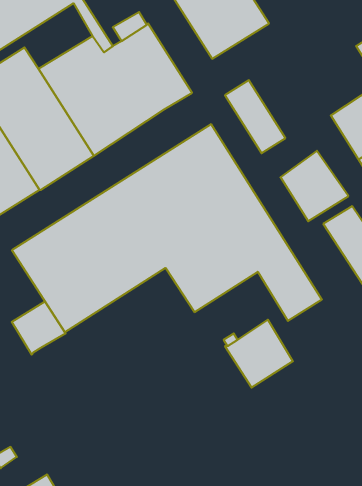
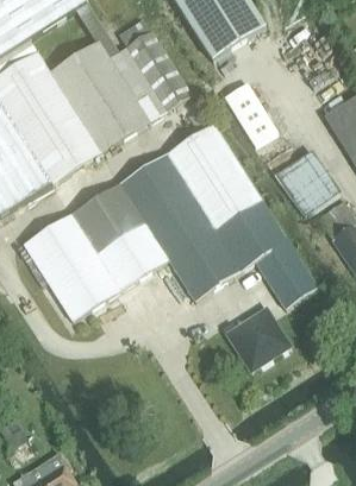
building: [12,301,66,355] -> none

